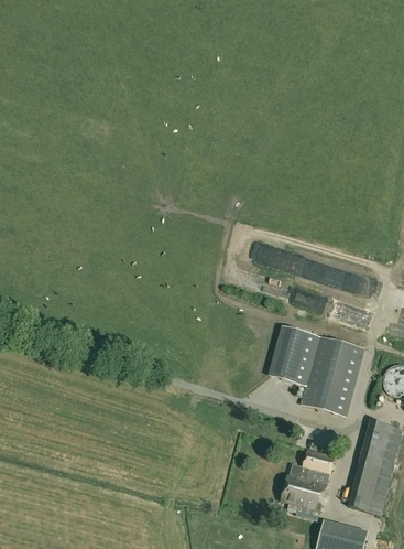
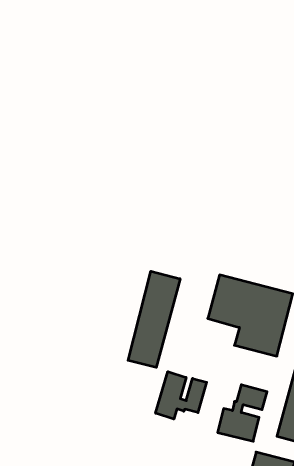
building: none -> [128,271,180,367]
building: none -> [156,372,207,419]

